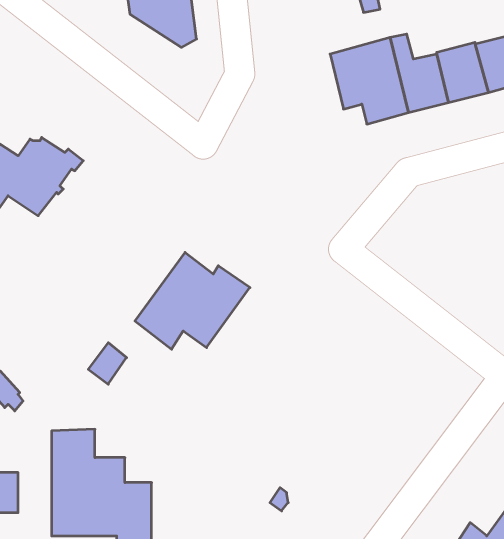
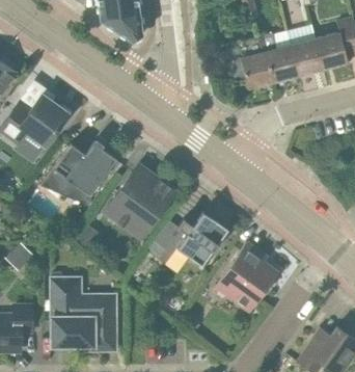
building: none -> [40,117,116,195]
building: none -> [145,211,227,265]
building: none -> [220,242,276,311]

